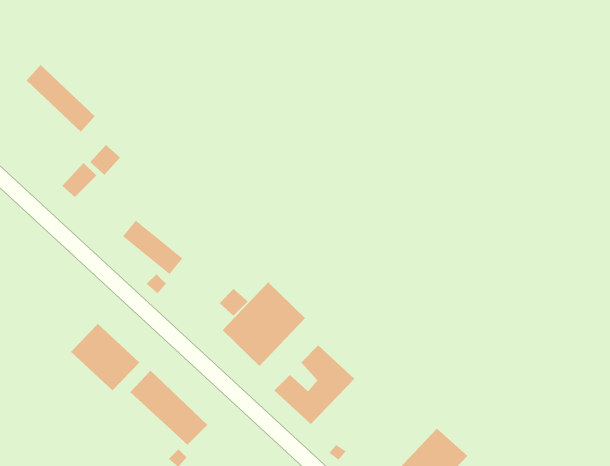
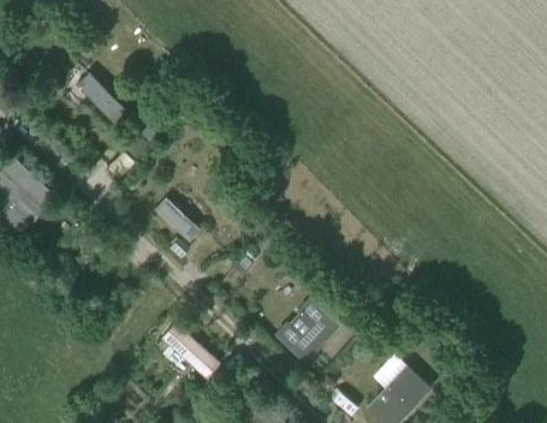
building: [222,281,306,367] -> none
building: [70,323,140,391] -> none

